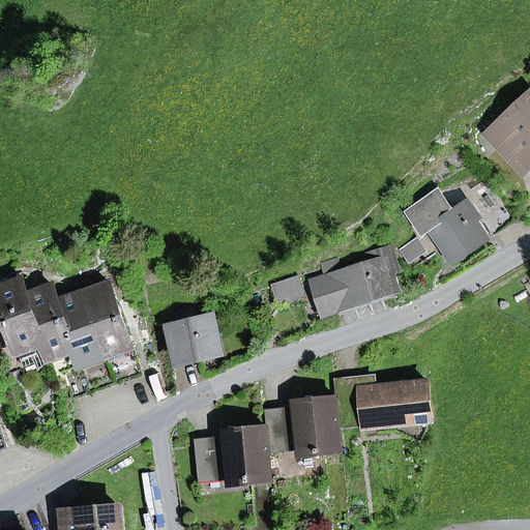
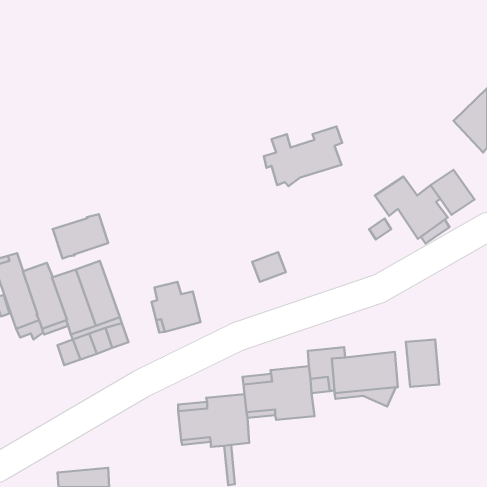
building: none -> [52,214,108,259]
building: [311,247,395,312] -> [264,127,342,186]
building: none -> [406,339,439,387]

